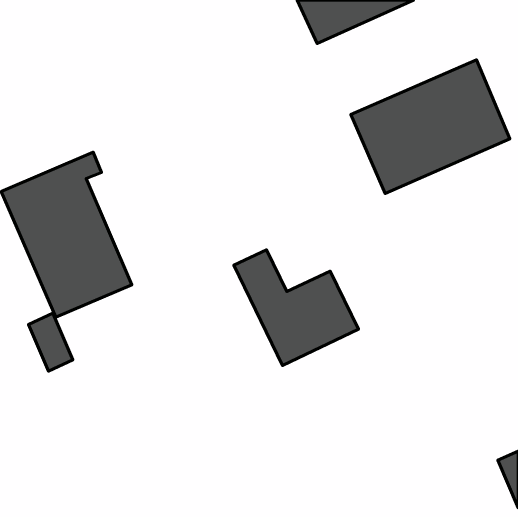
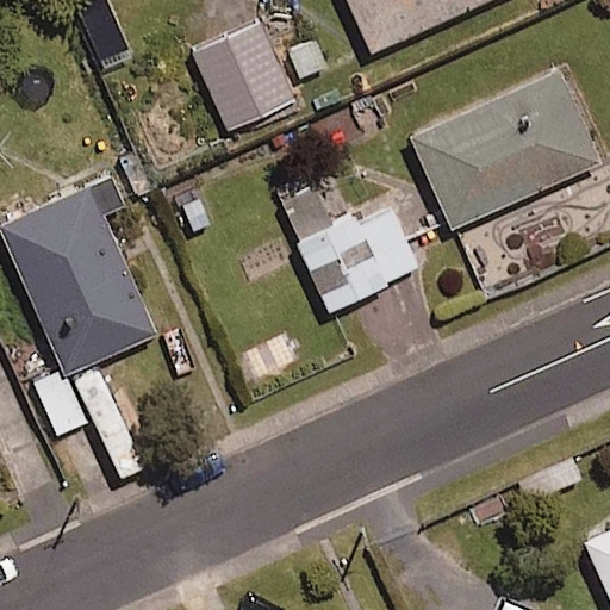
building: none -> [192,23,299,131]
building: [234,250,359,366] -> [273,175,419,311]

